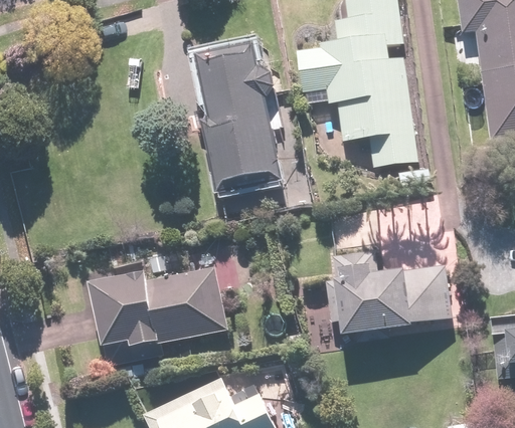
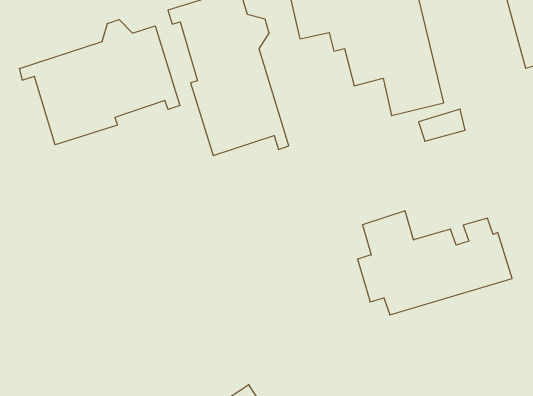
building: none -> [19,20,180,145]
building: [97,246,226,367] -> none

